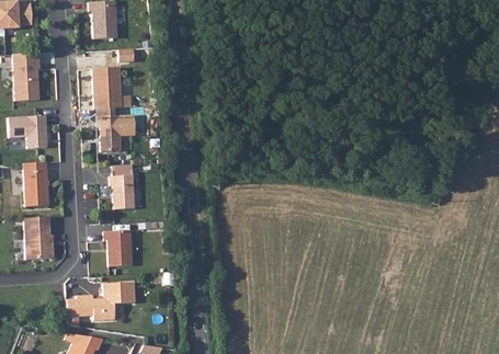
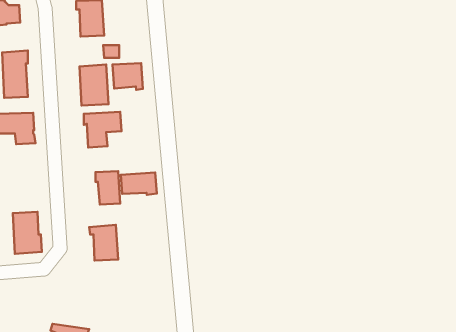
building: none -> [113,63,143,90]
building: [23,162,48,206] -> none
building: none -> [121,173,157,195]
building: [77,282,135,320] -> none

